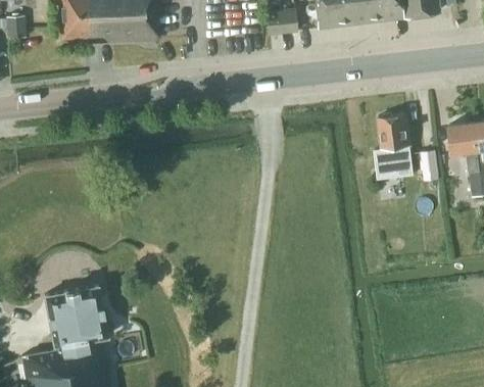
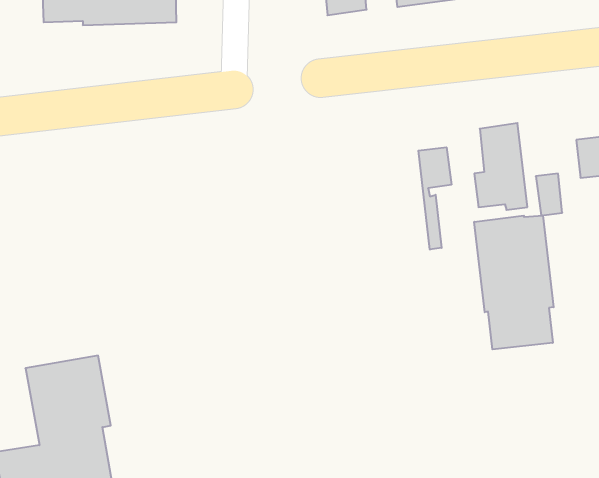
building: none -> [418,147,451,250]
building: none -> [474,215,554,349]

